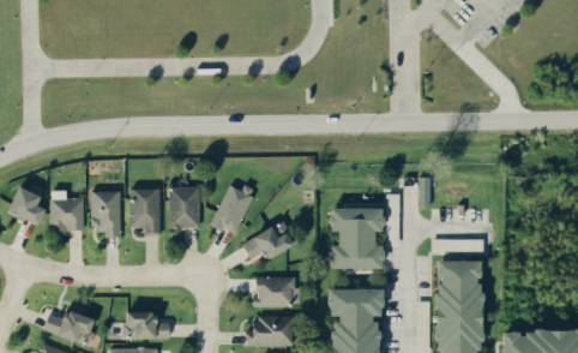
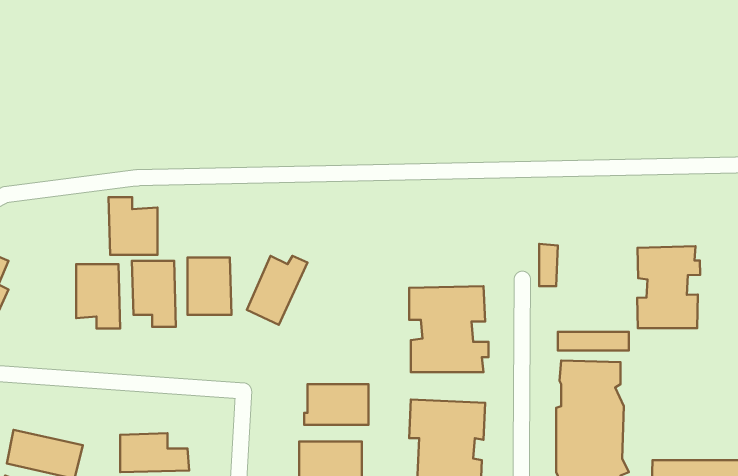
building: none -> [637,246,700,328]
building: [50,190,85,231] -> [109,197,158,255]
building: [241,222,291,259] -> none

